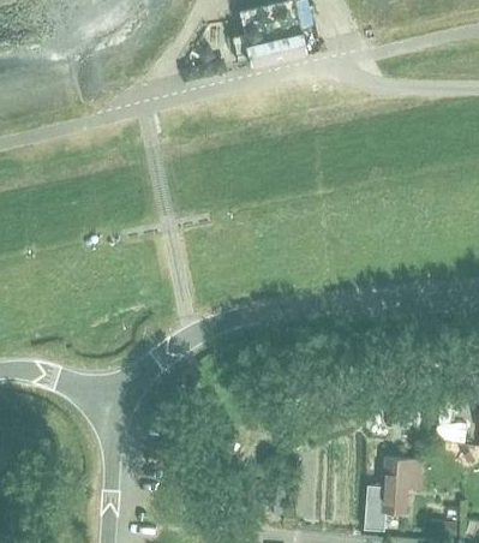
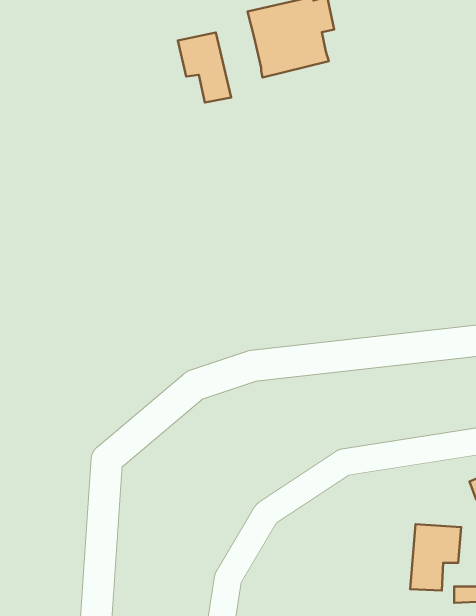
building: none -> [178,33,231,103]

